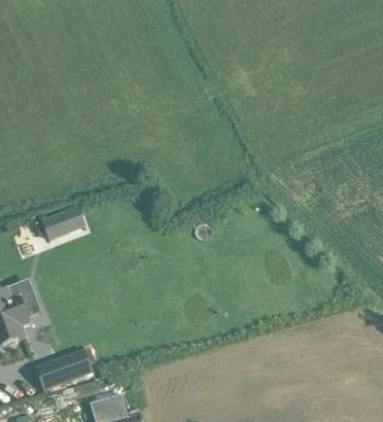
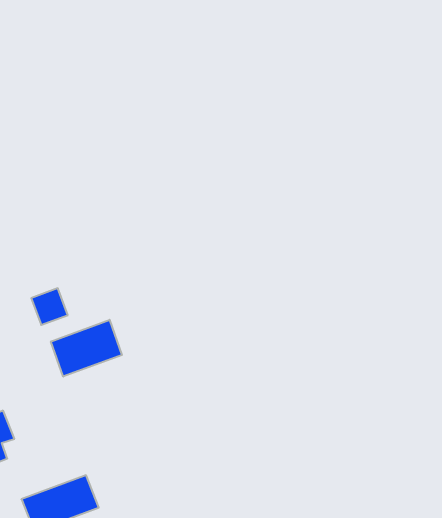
building: none -> [51,320,122,377]

